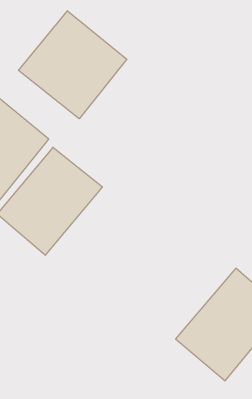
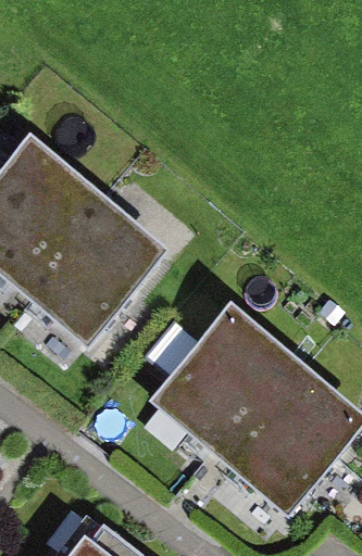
building: [19,11,127,119] -> none
building: none -> [175,312,323,463]

